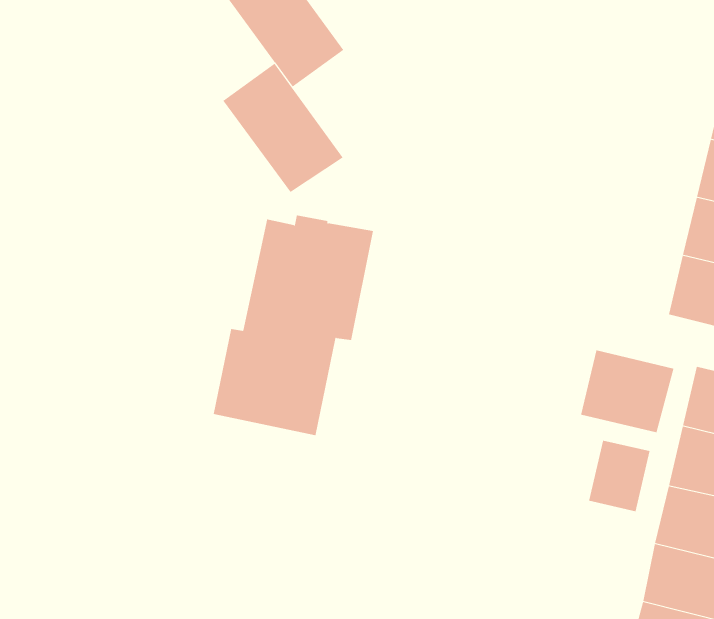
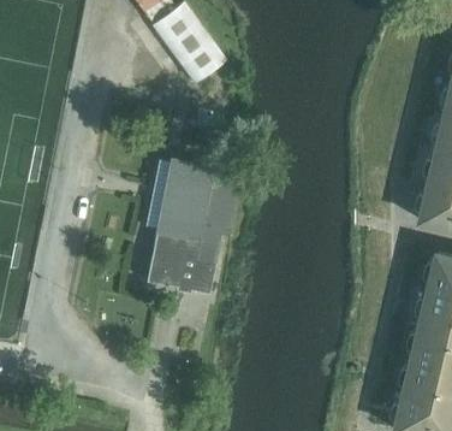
building: [223,63,343,193] -> none
building: [580,350,674,433] -> none
building: [588,440,650,512] -> none

